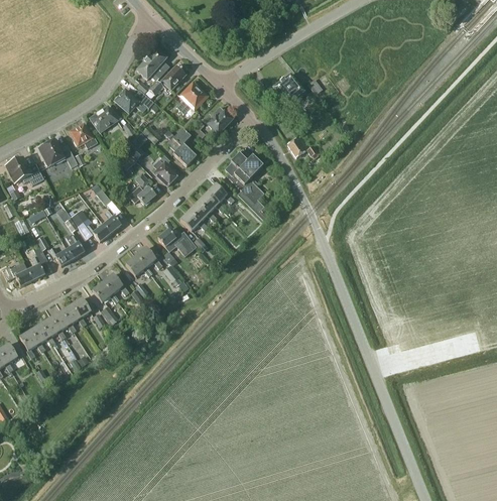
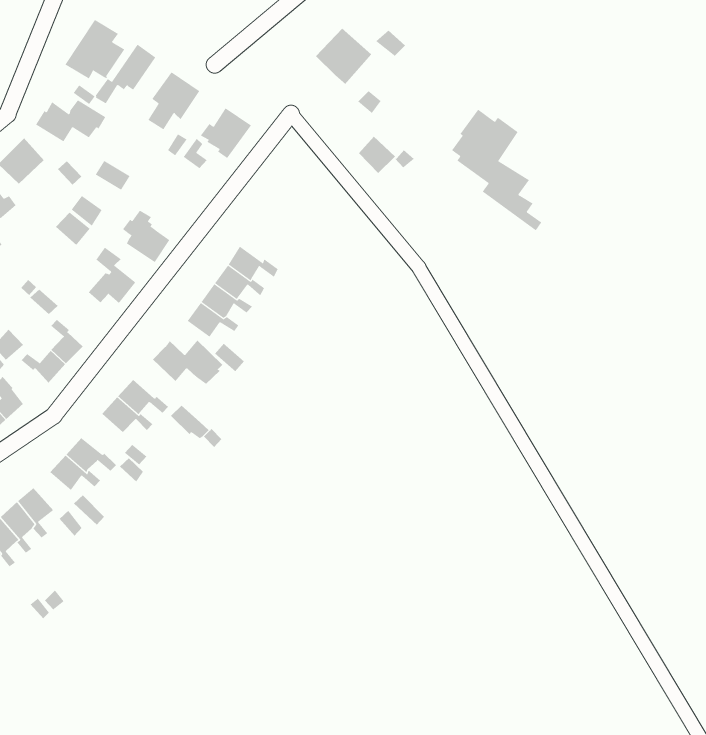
building: [164,129,196,166] -> none
building: [224,149,267,221] -> [451,109,542,231]

